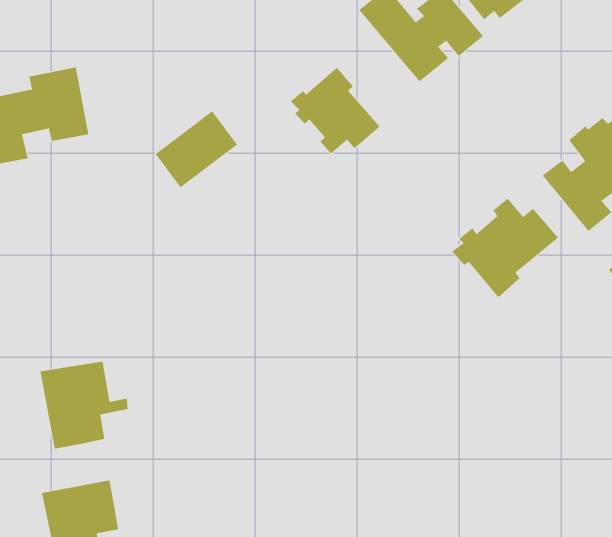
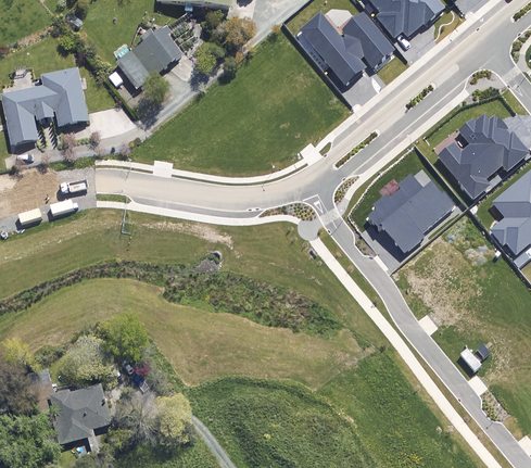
building: [290,67,381,154] -> none
building: [155,111,238,188] -> [118,31,182,91]
building: [40,361,128,449] -> none

